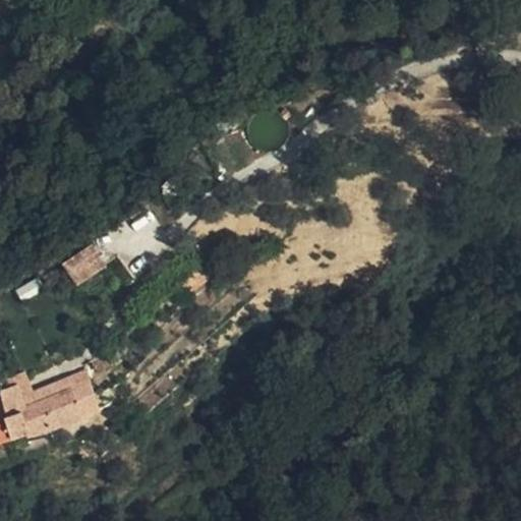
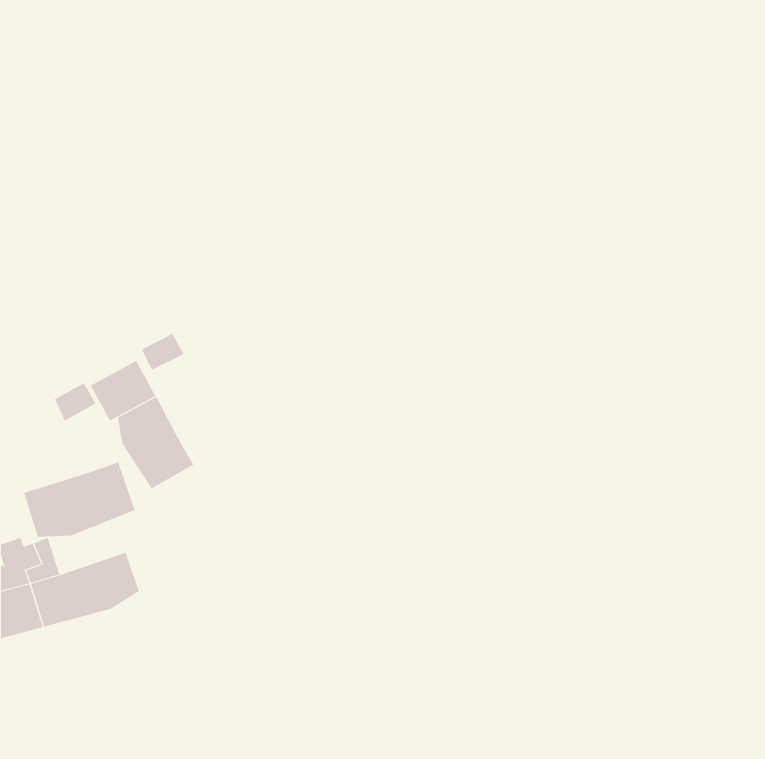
building: none -> [117,396,194,489]
building: none -> [23,461,135,537]

